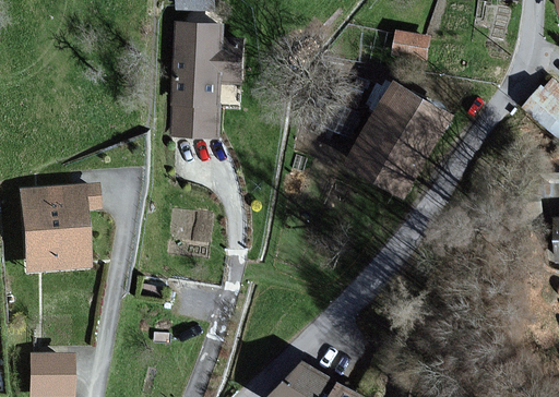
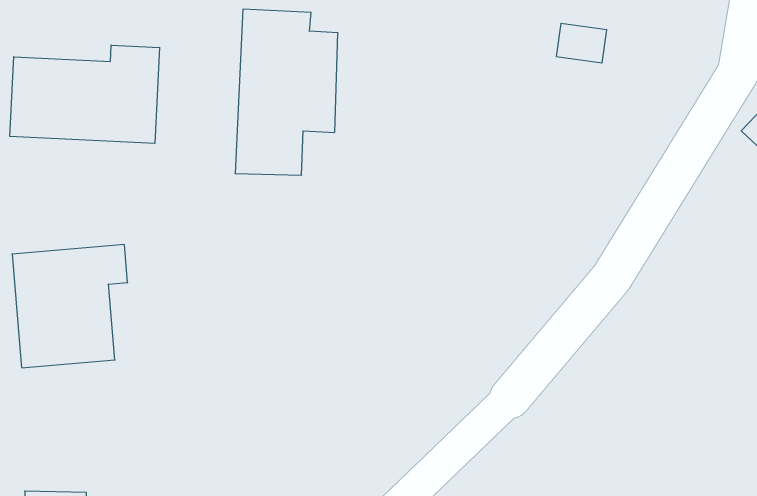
building: none -> [10,45,160,143]
building: [345,82,454,202] -> none

